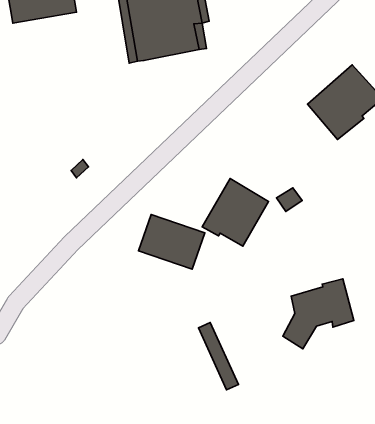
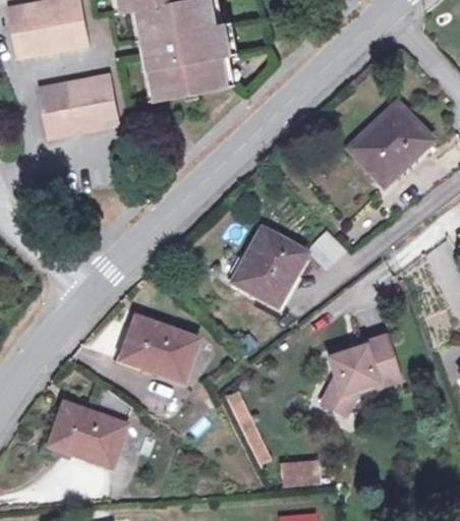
building: none -> [38,69,119,134]
building: [138,215,205,269] -> [124,321,198,382]
building: none -> [46,409,118,468]
building: none -> [280,459,321,486]

